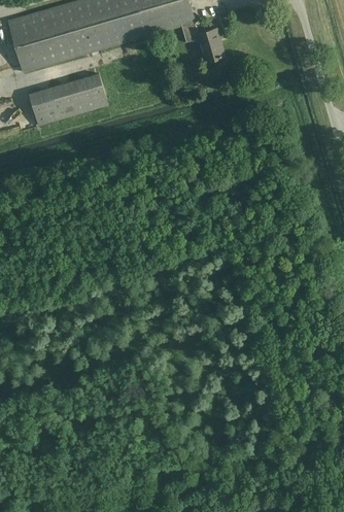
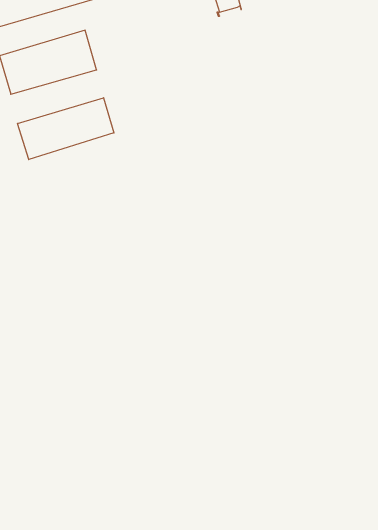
building: none -> [18,98,114,160]

